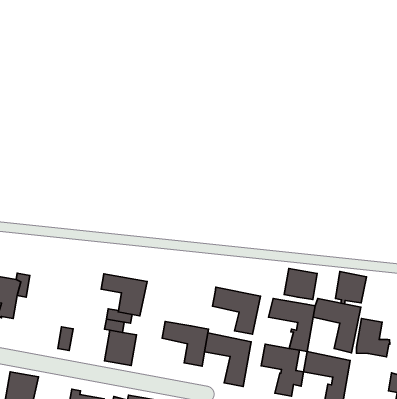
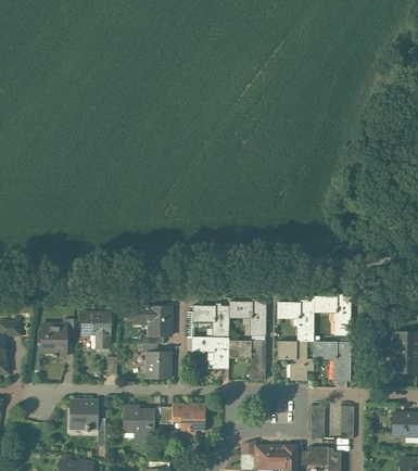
building: [284,269,317,300] -> none
building: none -> [80,311,110,347]
building: [335,271,367,304] -> none
building: none -> [191,305,228,336]
building: [357,319,390,357] -> none

